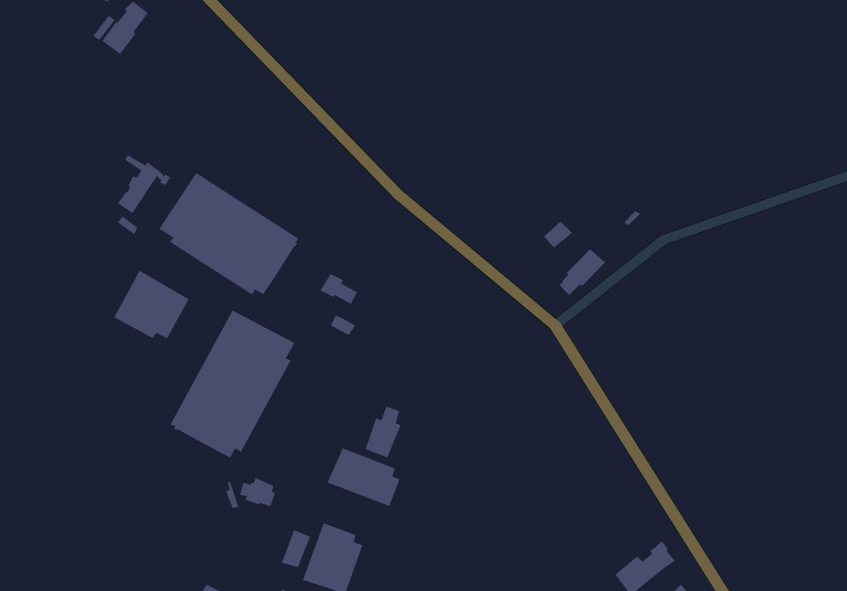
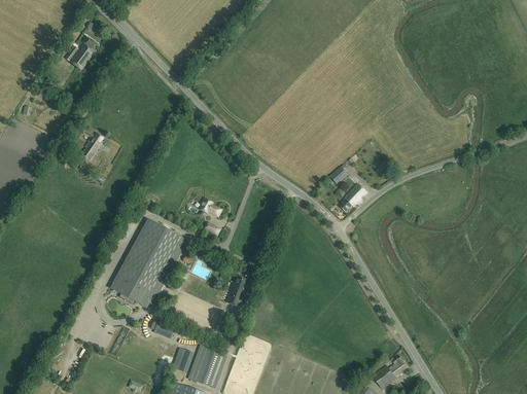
building: [158,172,300,295] -> none
building: [114,270,190,339] -> none
building: [327,448,400,507] -> none

